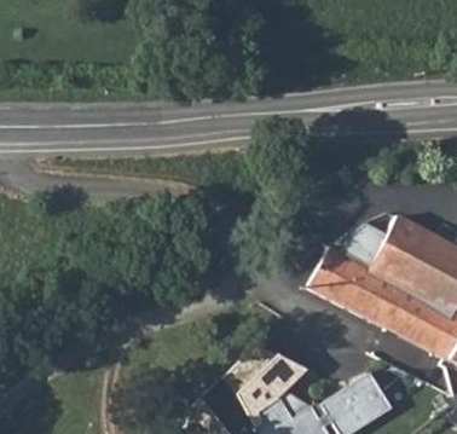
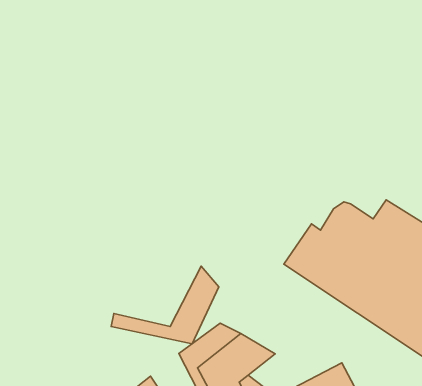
building: none -> [111,266,219,344]

